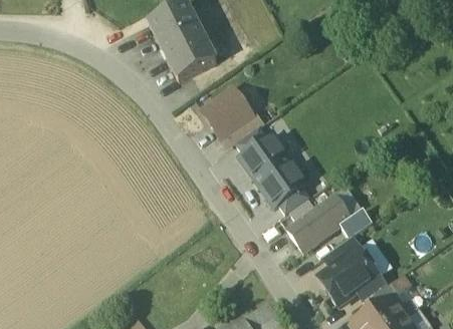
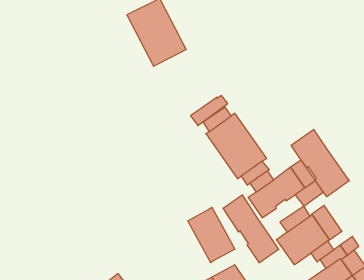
building: [202,89,250,136] -> none
building: none -> [291,129,349,197]
building: none -> [223,195,279,263]
building: none -> [188,207,235,263]

